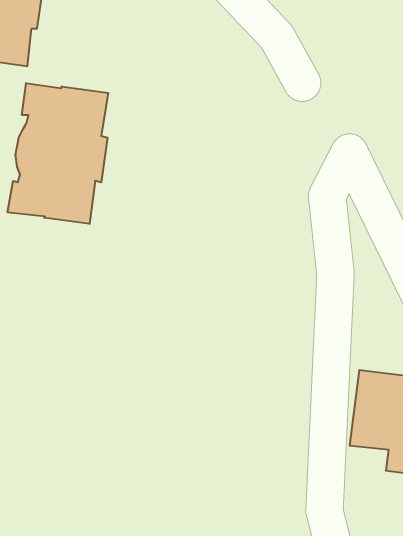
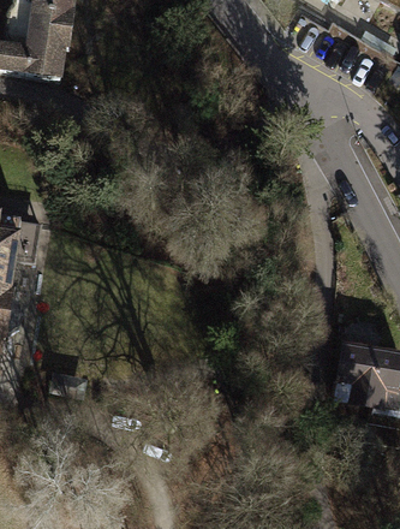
building: [8,83,108,224] -> none

